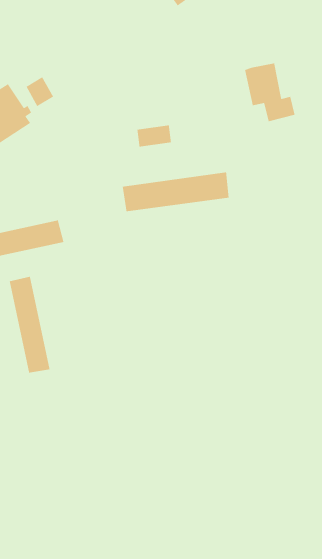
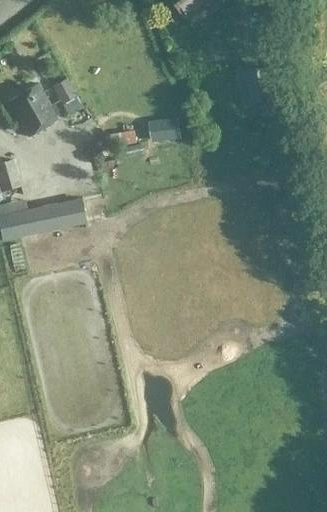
building: [122,172,230,212] -> none
building: [9,276,51,374] -> none

